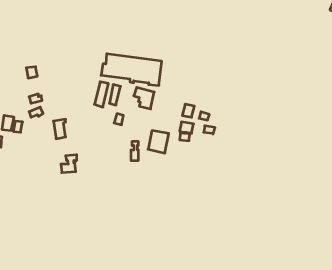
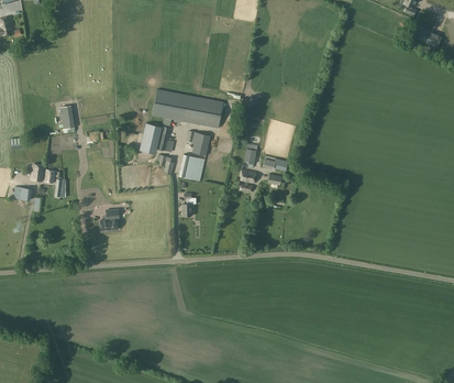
building: [148,131,169,153] -> [180,154,204,180]

